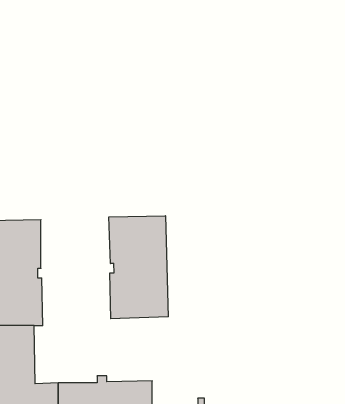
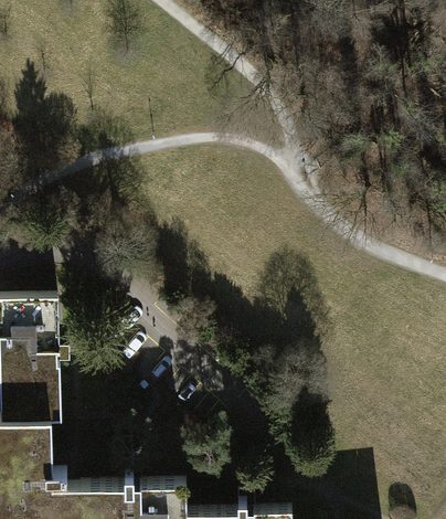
building: [109,216,168,319] -> none

